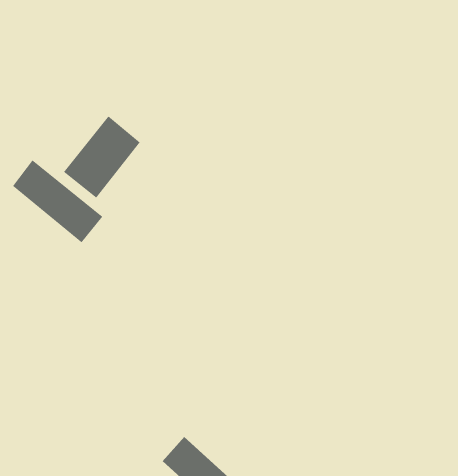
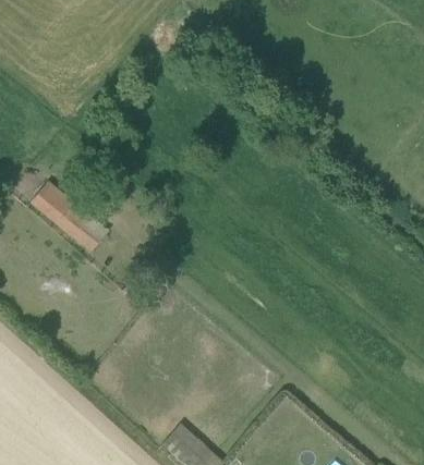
building: [63,116,140,199] -> none

